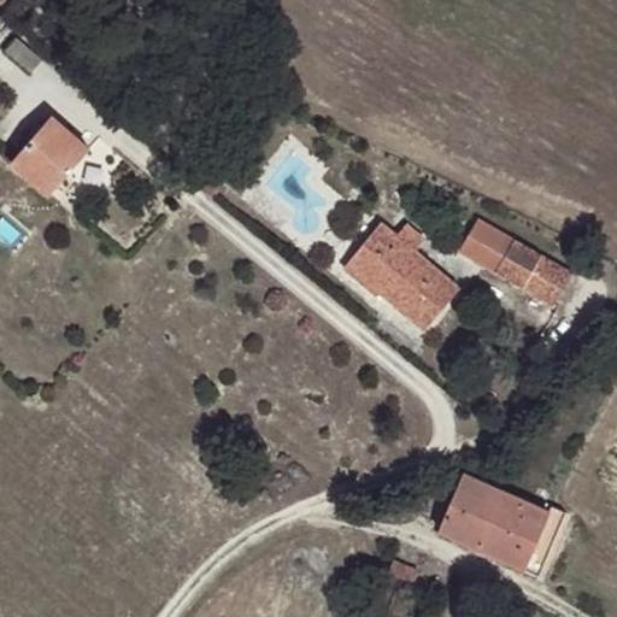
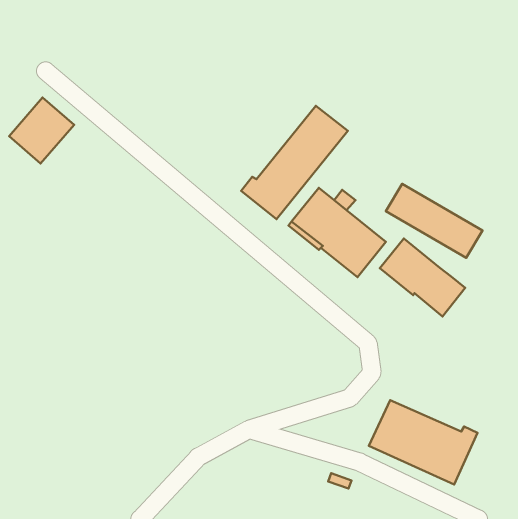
building: none -> [241,106,348,219]
building: none -> [380,238,465,316]

